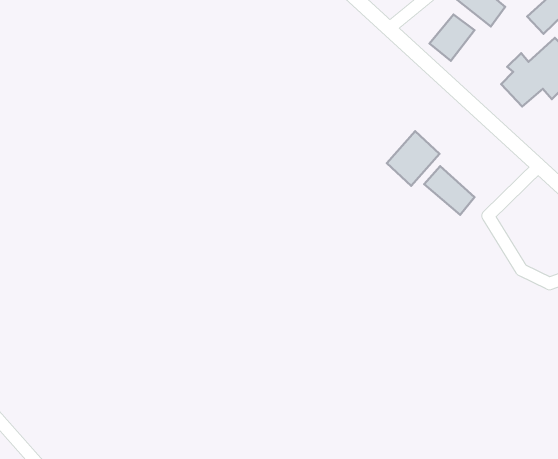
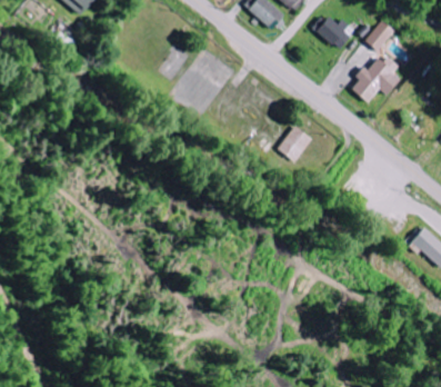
building: [430,14,474,61] -> none
building: [424,166,474,215] -> none

